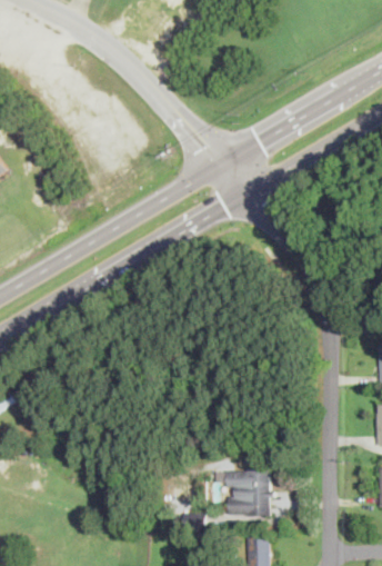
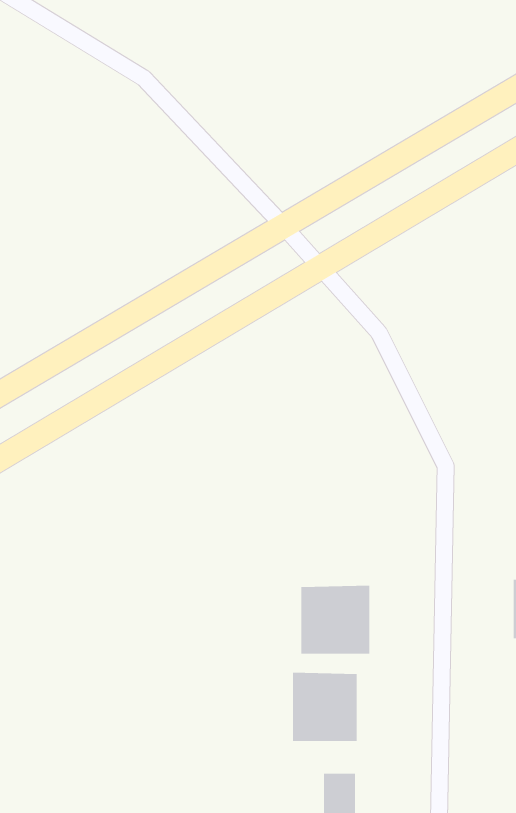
building: none -> [300,585,370,654]

